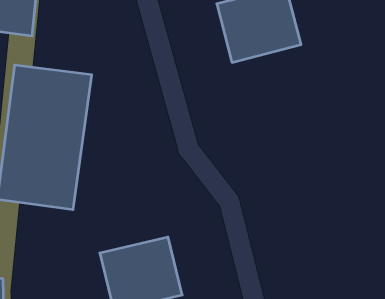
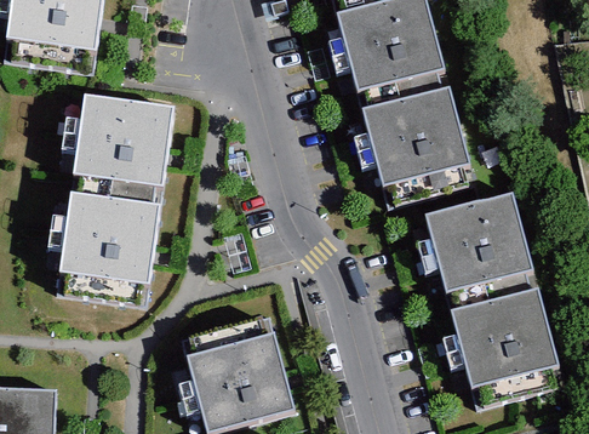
building: none -> [365,85,479,187]
building: none -> [418,190,534,295]
building: none -> [447,289,562,389]

